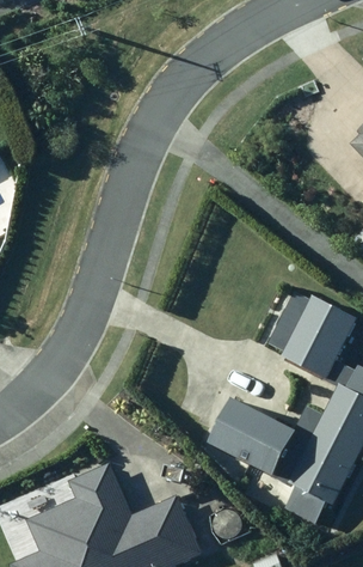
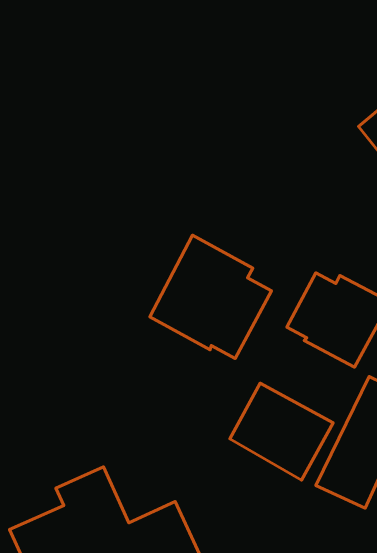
building: none -> [150,235,271,358]

